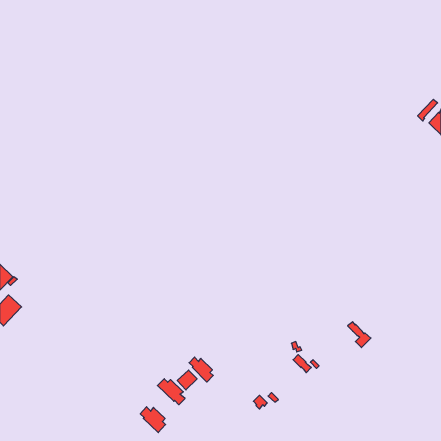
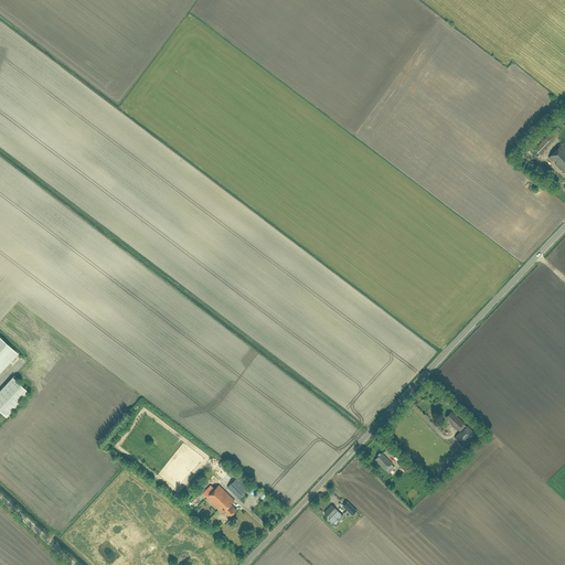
building: [189,357,213,382] -> none
building: [140,407,166,433] -> none

